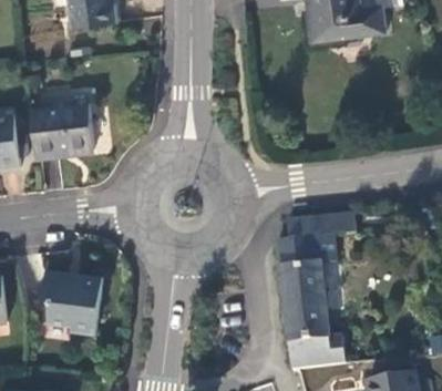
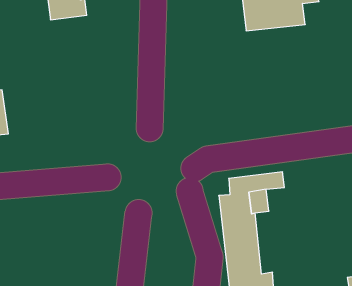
building: [31,102,94,158] -> none
building: [43,269,102,332] -> none

